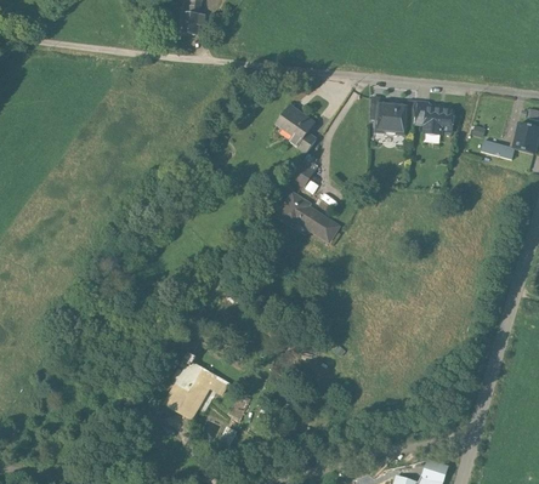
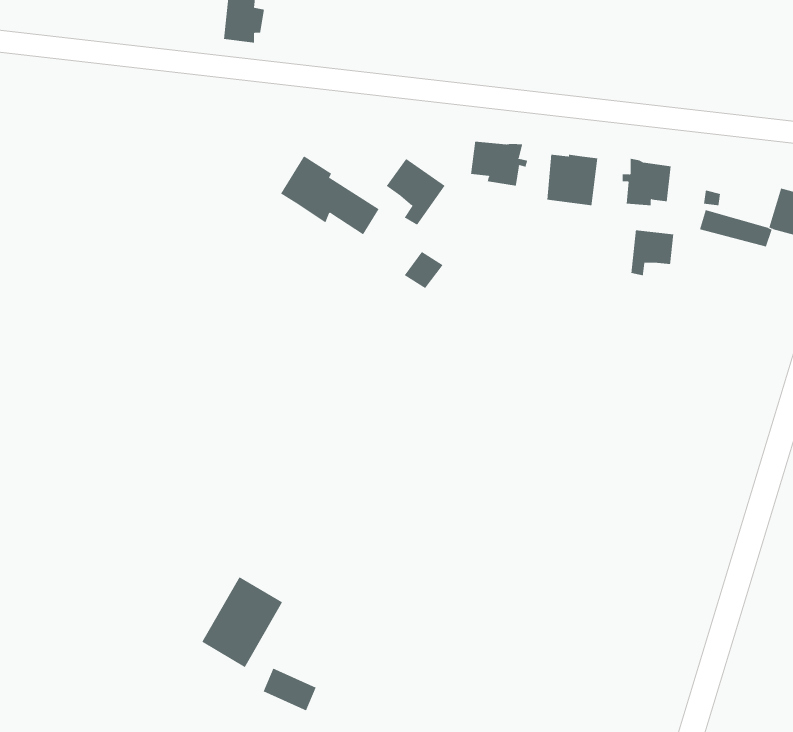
building: none -> [471,141,528,186]
building: none -> [631,230,674,276]
building: [278,193,339,241] -> [280,156,379,235]

